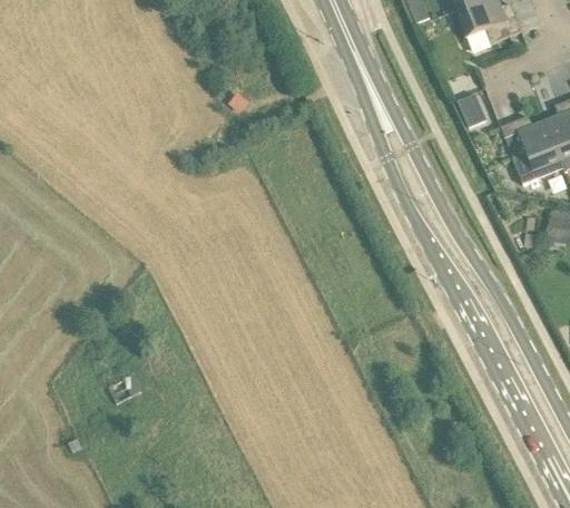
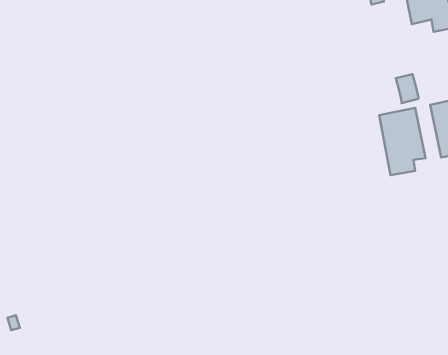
building: none -> [379,108,425,175]

